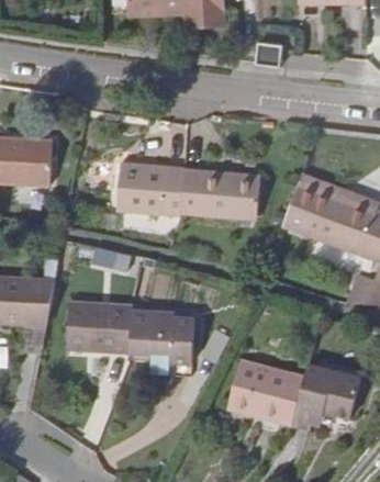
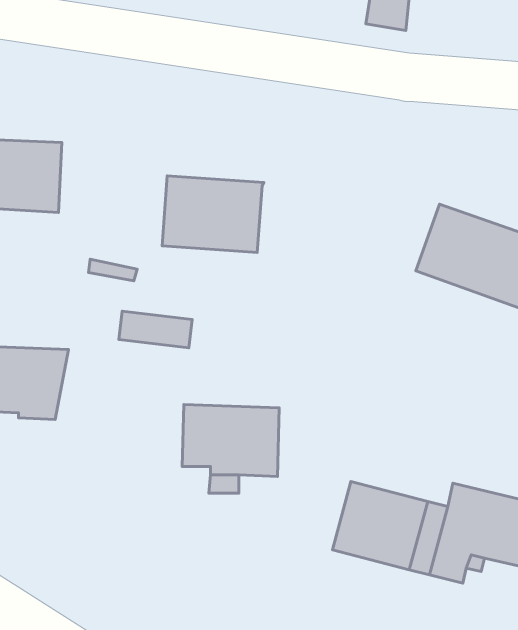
building: [180,169,259,220] -> none
building: [69,304,132,354] -> none

